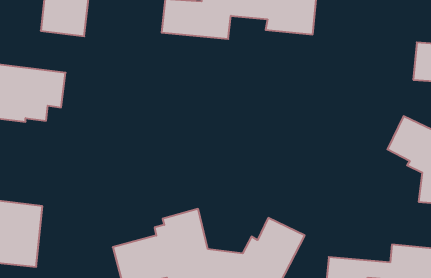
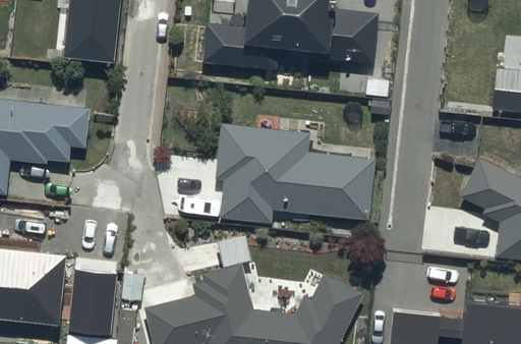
building: none -> [215,123,374,222]
building: none -> [67,263,115,337]

